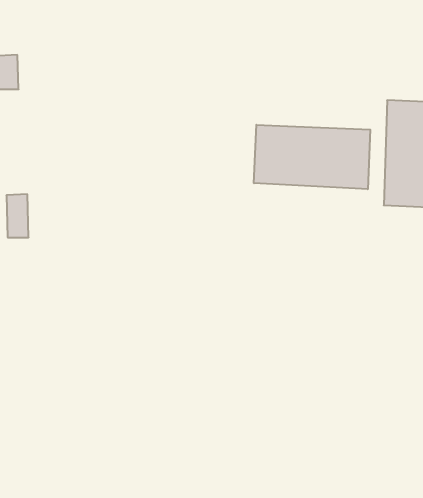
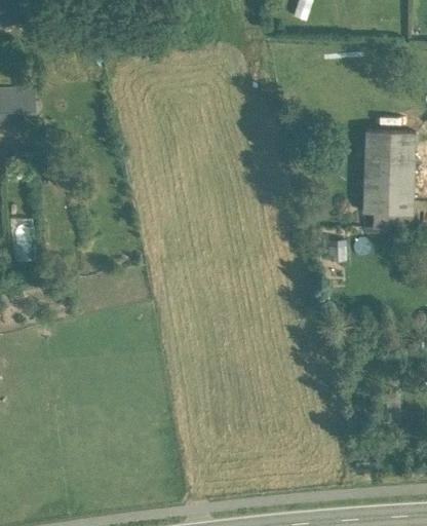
building: [254,125,370,189] -> none

